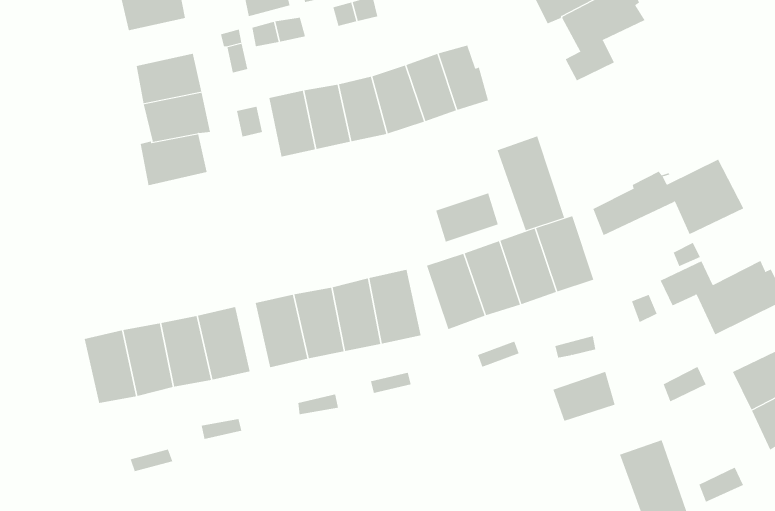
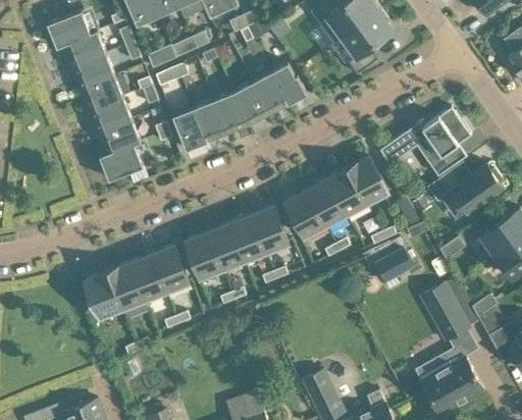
building: none -> [81,75,122,109]
building: [497,135,565,231] -> none
building: [435,192,499,242] -> none

